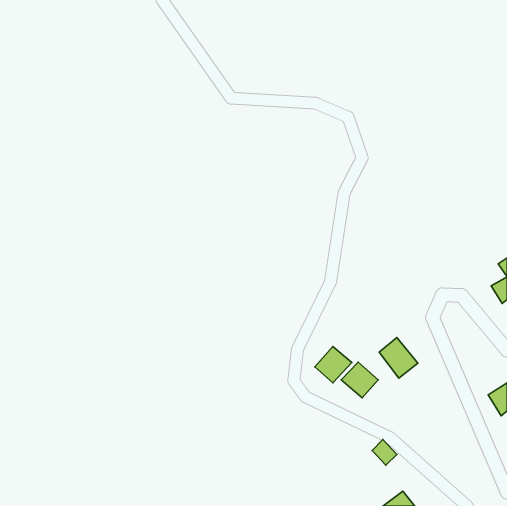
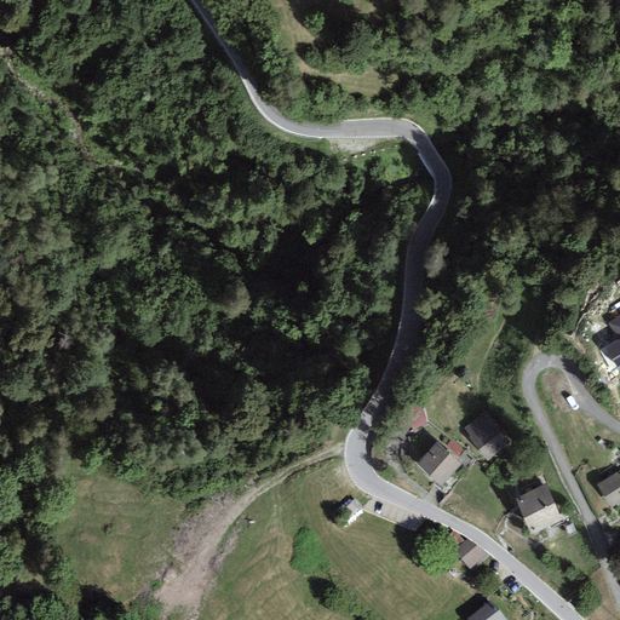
building: [315,347,352,383] -> none
building: none -> [516,483,562,534]

